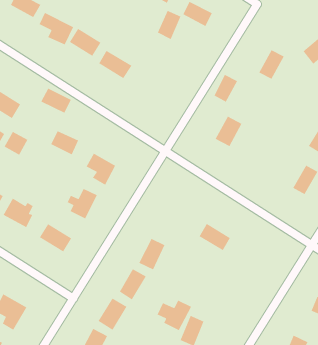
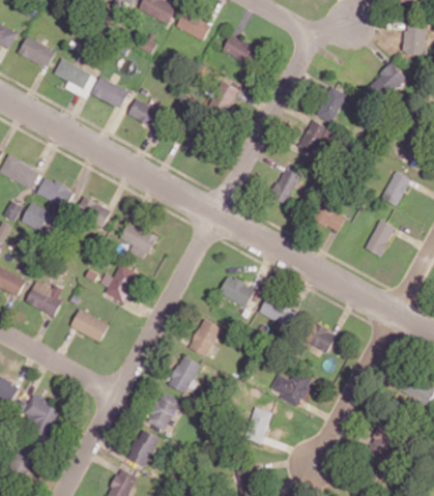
building: [157,10,182,40] -> [209,81,237,116]
building: [213,74,238,103] -> [299,119,327,153]
building: [40,87,72,114] -> [36,177,74,207]
building: none -> [313,200,347,232]
building: none -> [219,275,255,307]
building: none -> [302,321,338,352]
building: [157,300,192,331] -> [271,370,313,407]

